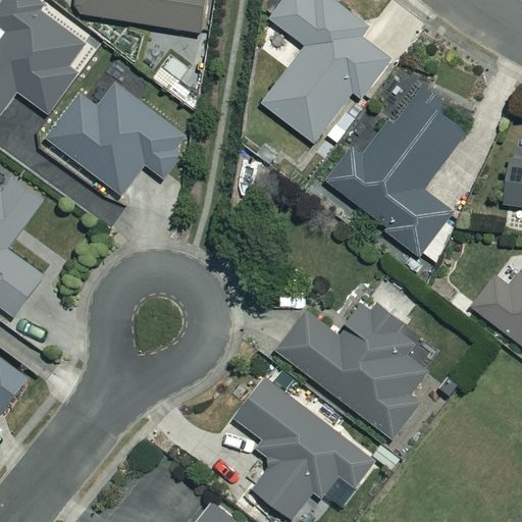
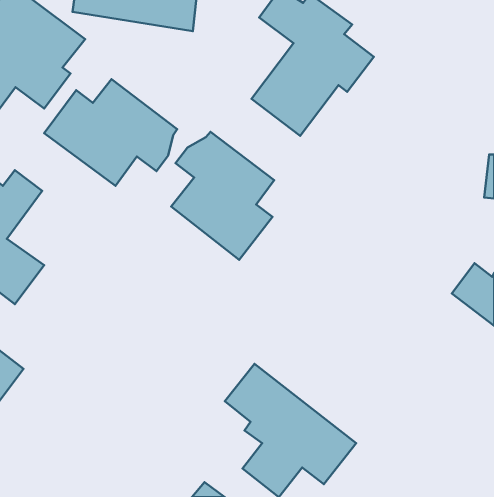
building: [326,86,470,280] -> none
building: none -> [171,132,274,260]
building: [276,298,427,437] -> none

